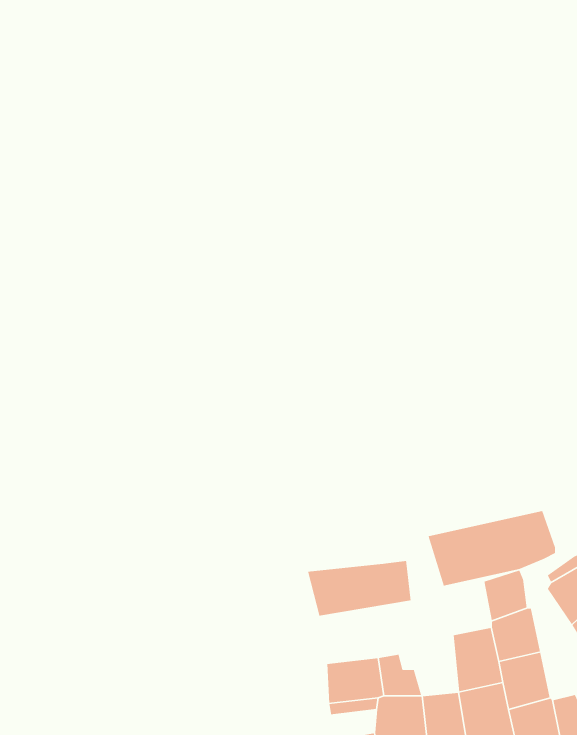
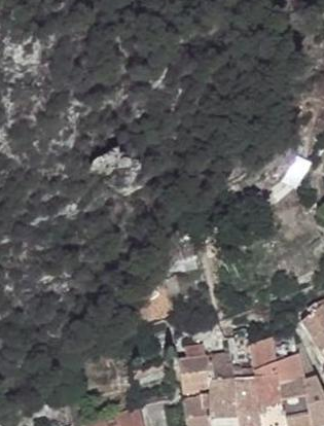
building: [428,510,556,587] -> none
building: [307,560,411,616] -> none

